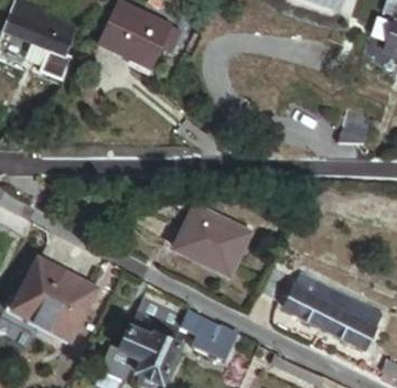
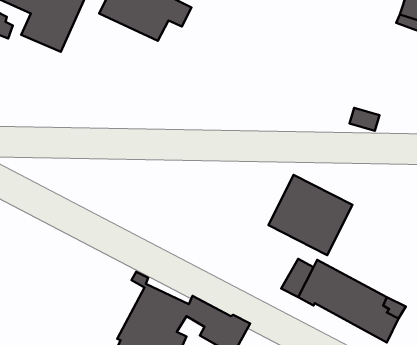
building: [170,200,247,273] -> [268,175,352,255]
building: [18,258,100,340] -> none

